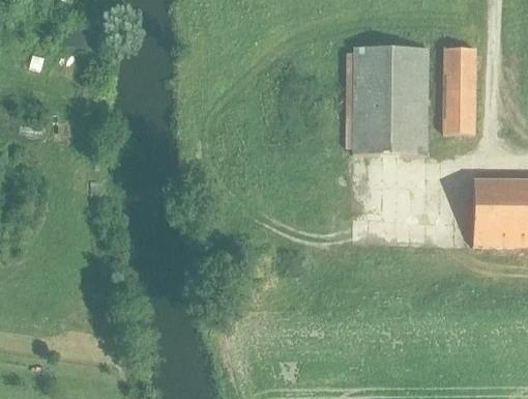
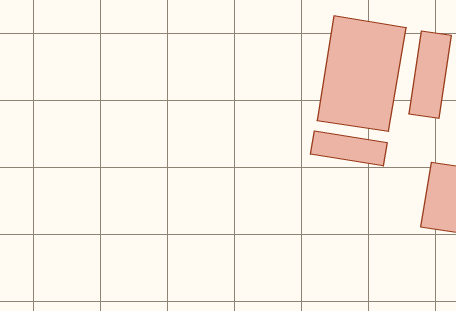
building: none -> [311,131,387,166]

